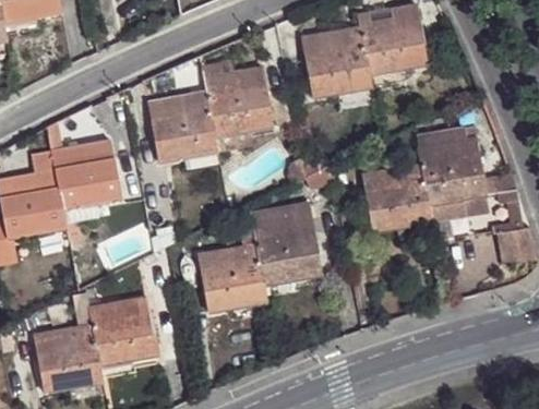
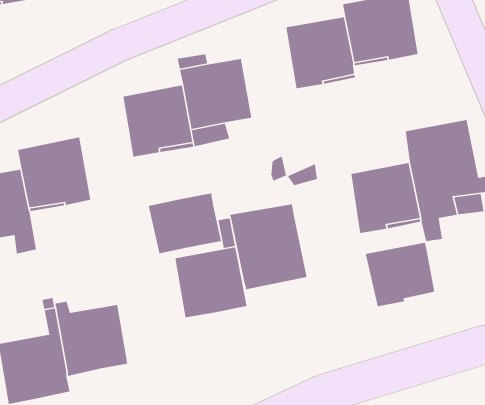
building: none -> [148,192,222,254]
building: none -> [365,242,435,307]

